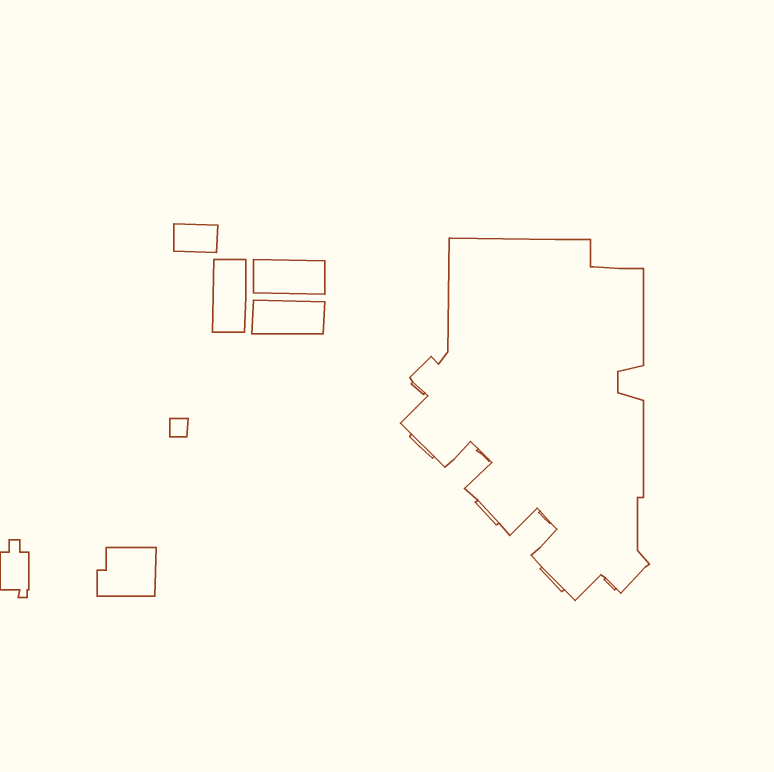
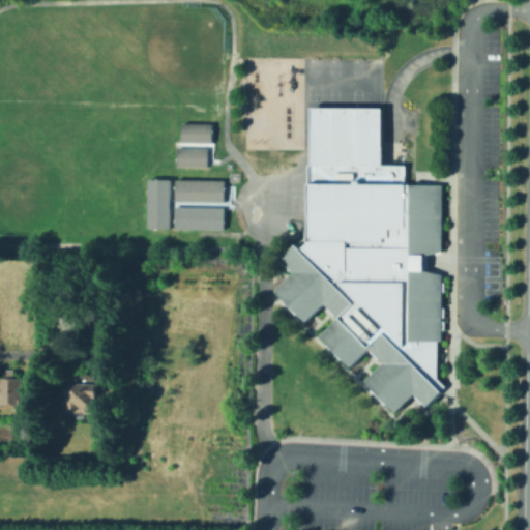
building: none -> [308,109,380,166]
building: none -> [181,123,212,142]
building: [174,224,218,253] -> [177,147,207,167]

